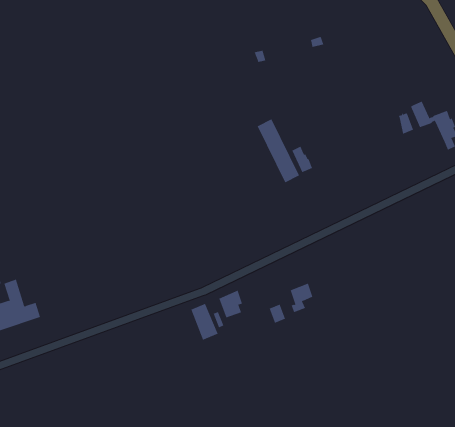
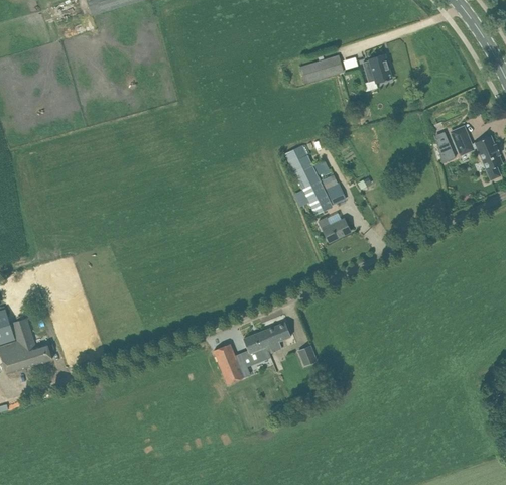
building: none -> [362,53,390,83]
building: none -> [299,54,344,83]
building: none -> [319,217,351,241]
building: [290,283,313,313] -> [265,321,290,353]

